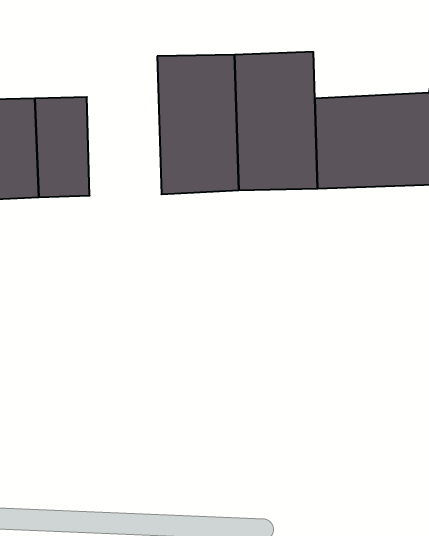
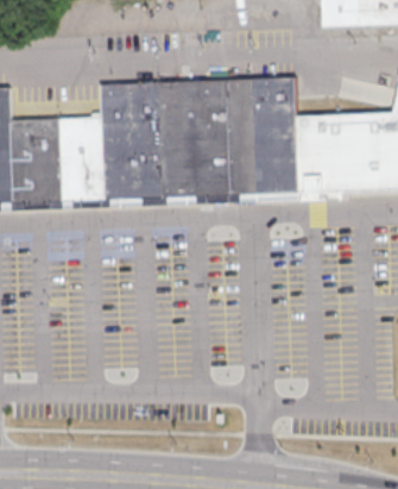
building: none -> [102,81,166,199]

